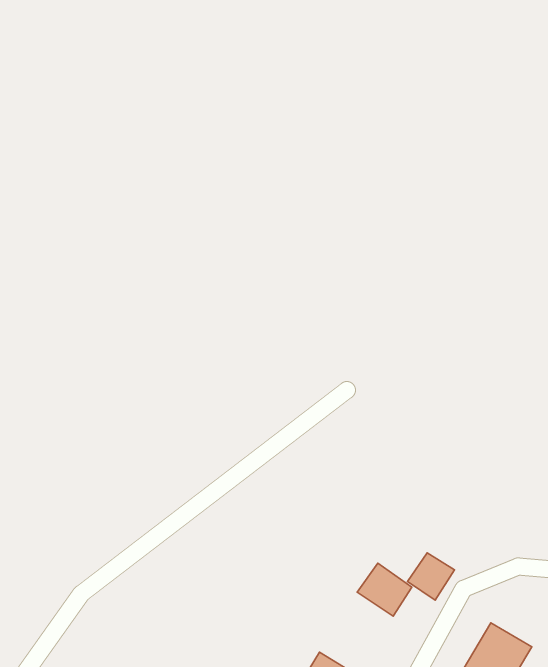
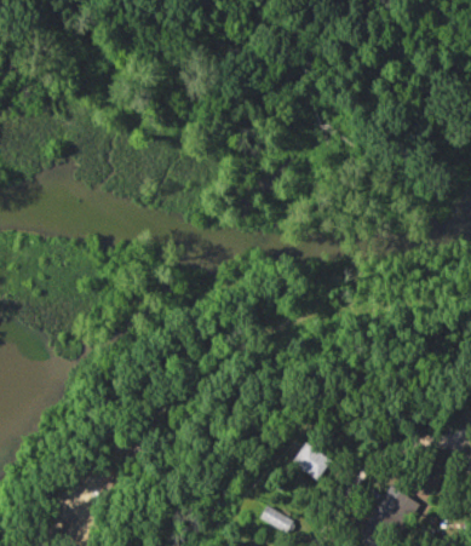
building: [407,553,454,600] -> none

